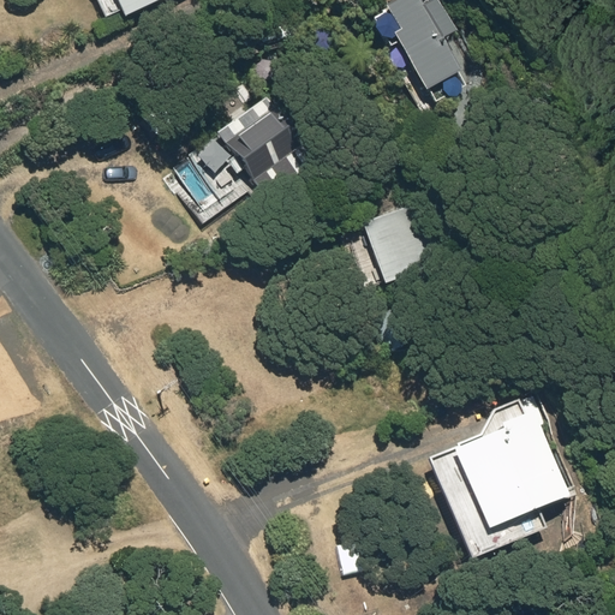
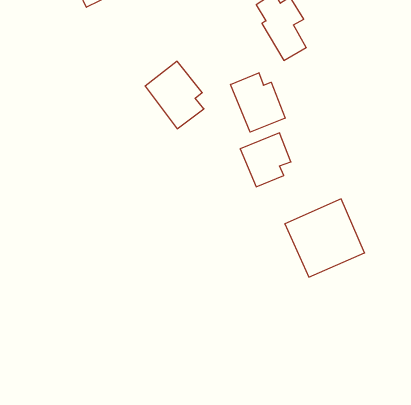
building: none -> [231,73,285,132]
building: [449,413,568,530] -> [285,199,365,277]

